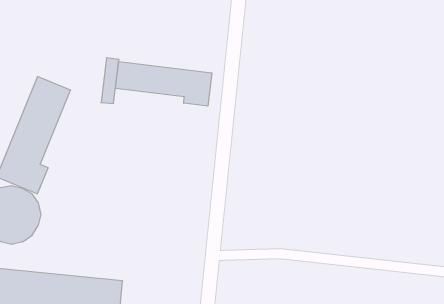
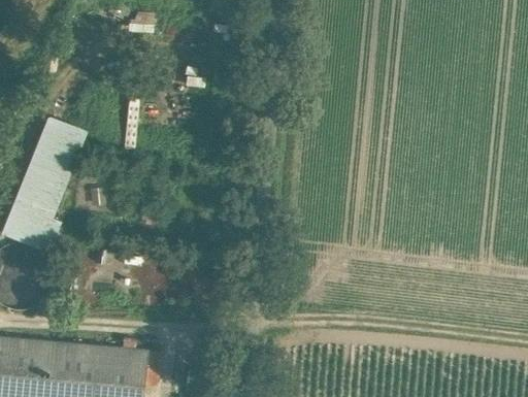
building: [115,62,212,106] -> none

